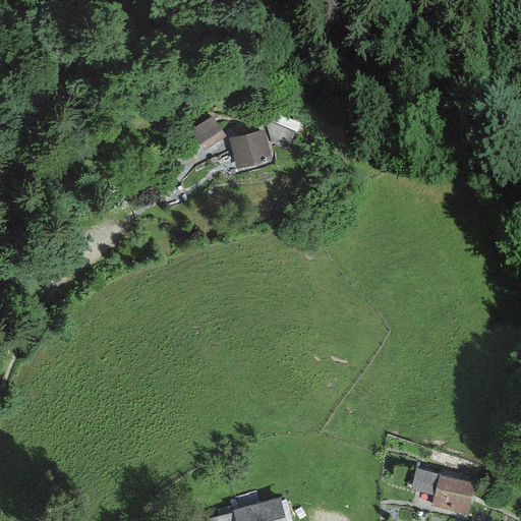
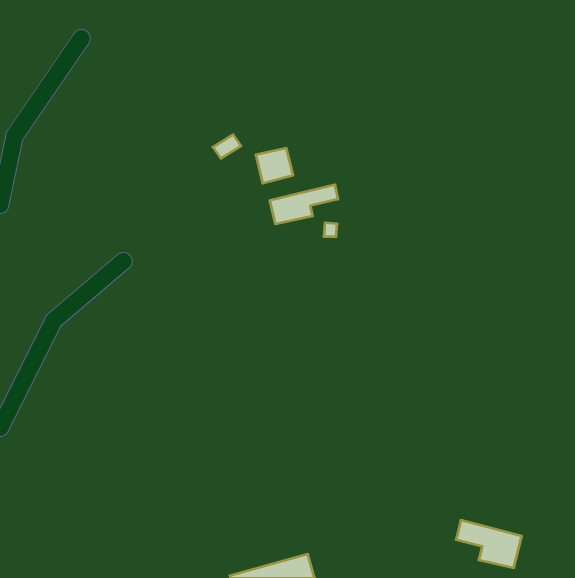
building: none -> [270,185,338,224]

